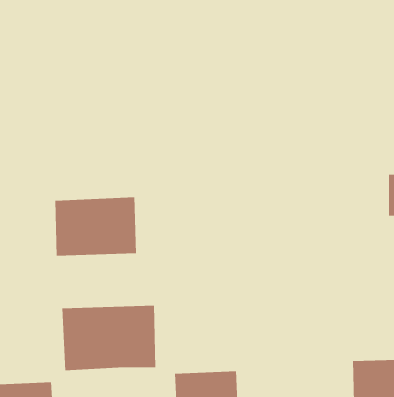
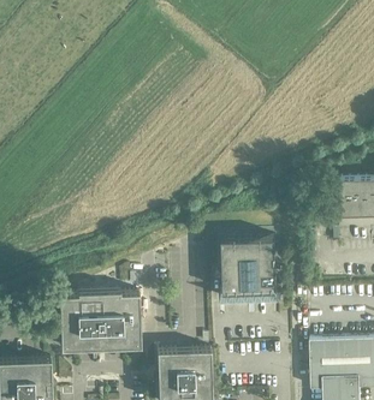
building: [55,197,137,256] -> none
building: none -> [222,237,278,292]

